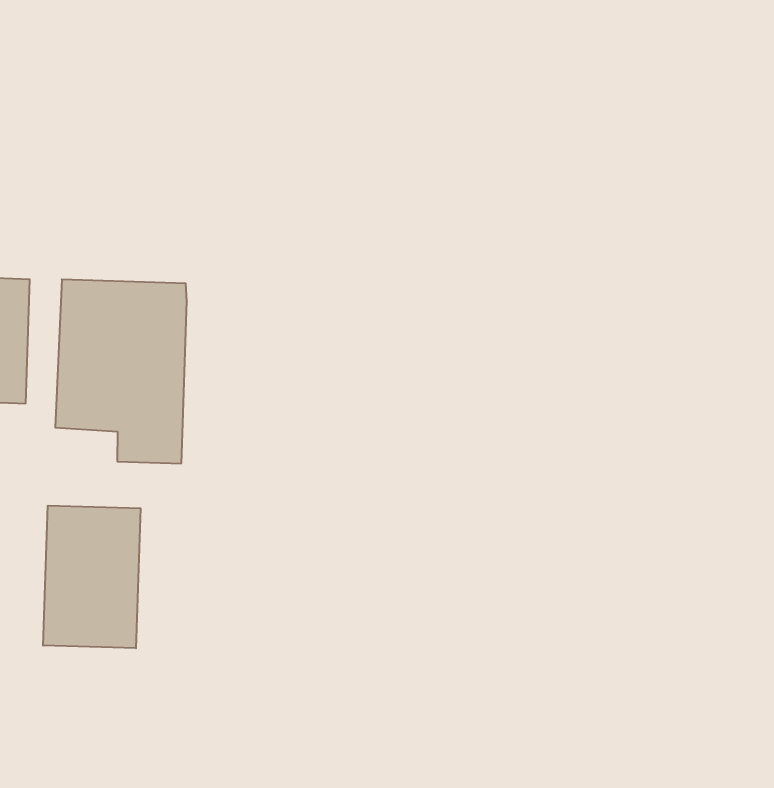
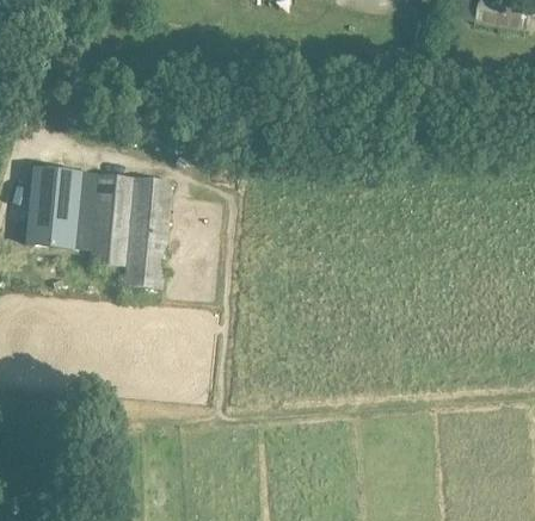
building: [43,506,141,648] -> none

